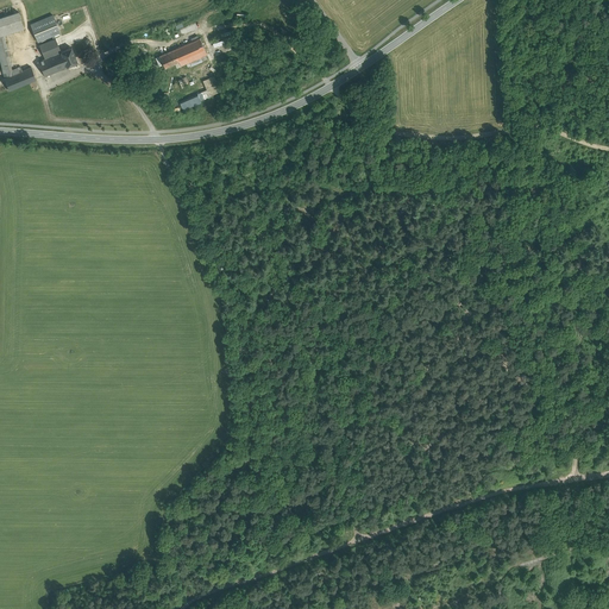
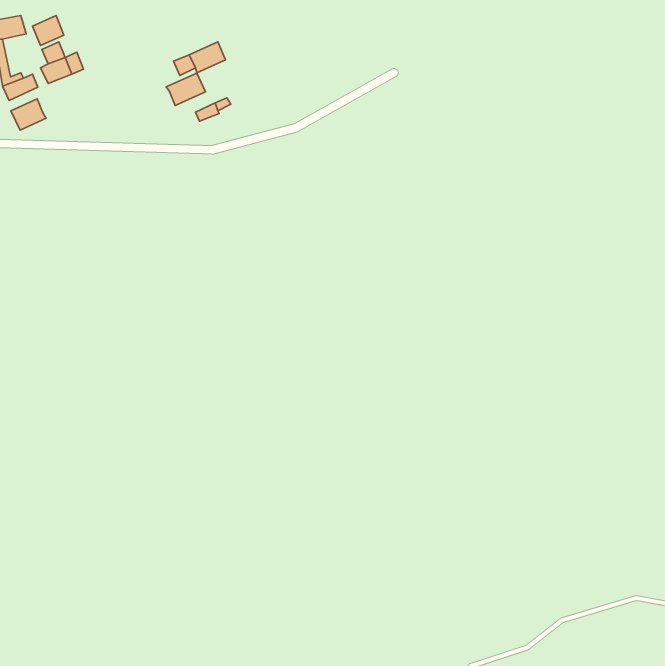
building: none -> [166,73,206,106]
building: none -> [11,99,46,130]

